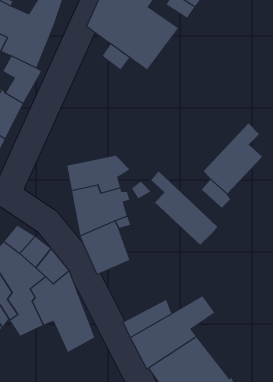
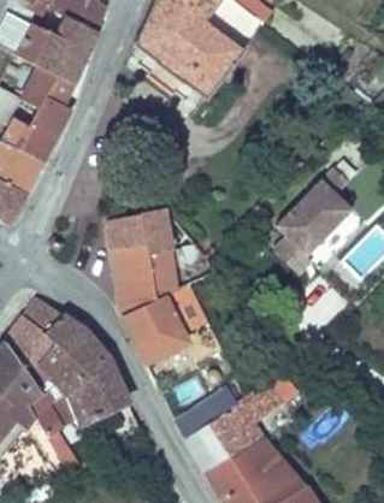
building: [150,171,218,246] -> none

